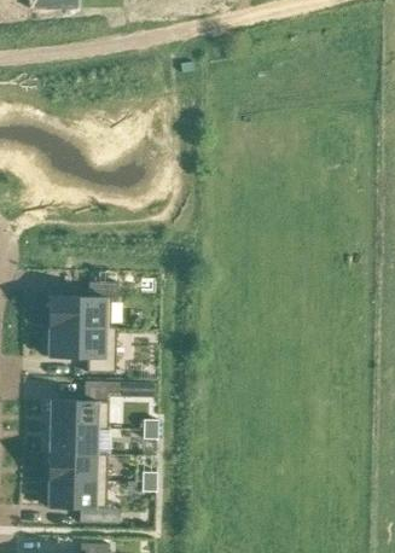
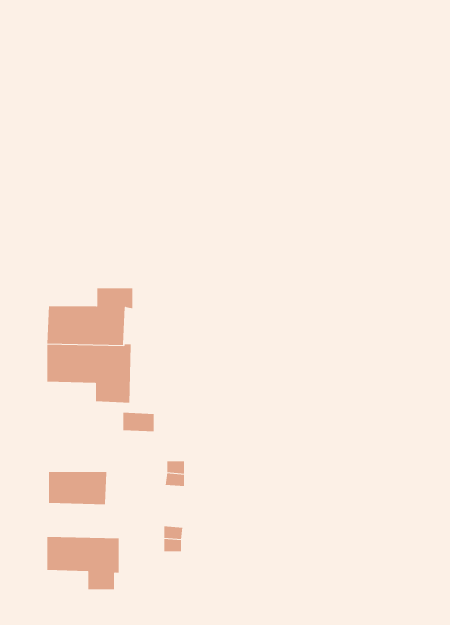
building: [48,400,108,430] -> none
building: [47,453,106,481] -> none

